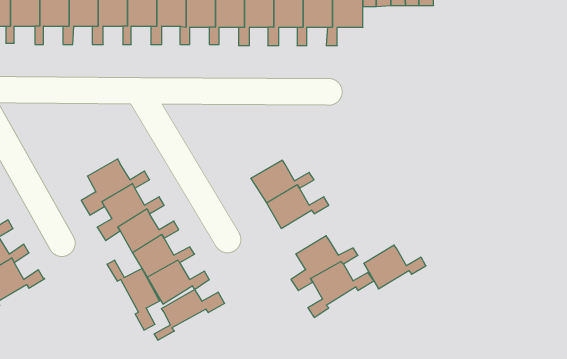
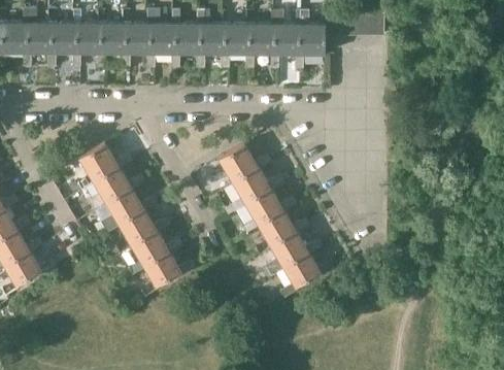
building: none -> [78,143,132,179]
building: none -> [217,144,270,181]
building: [364,245,426,289] -> [256,208,308,245]
building: [107,260,160,330] -> none
building: [154,289,225,340] -> none

